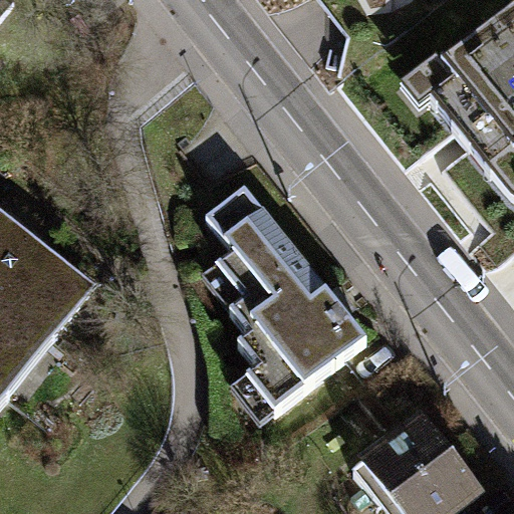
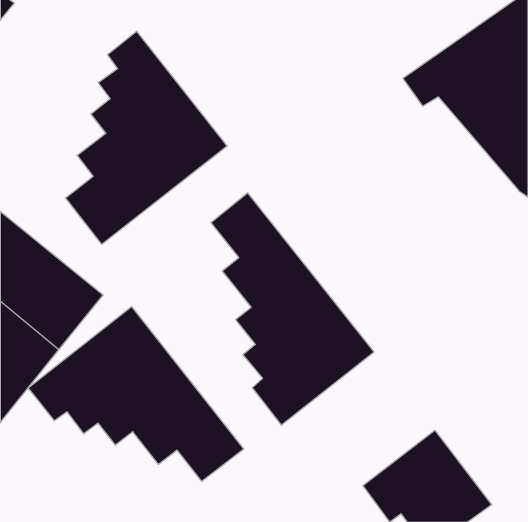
building: none -> [65,31,227,244]
building: none -> [28,306,244,482]

